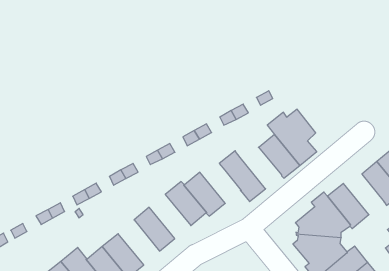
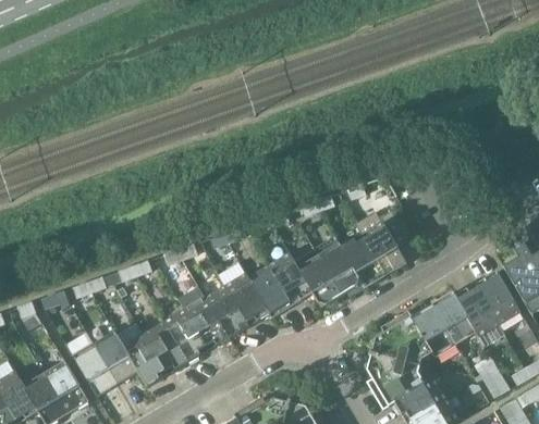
building: none -> [314,235,365,297]
building: none -> [269,252,314,305]
building: none -> [432,291,476,344]
building: none -> [205,285,249,337]
building: none -> [164,309,209,362]

